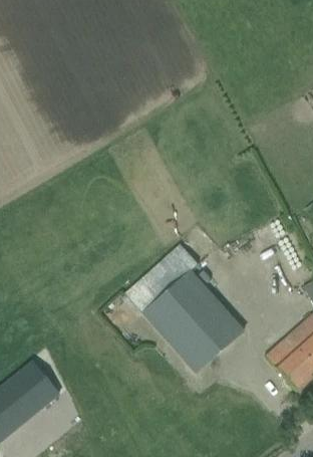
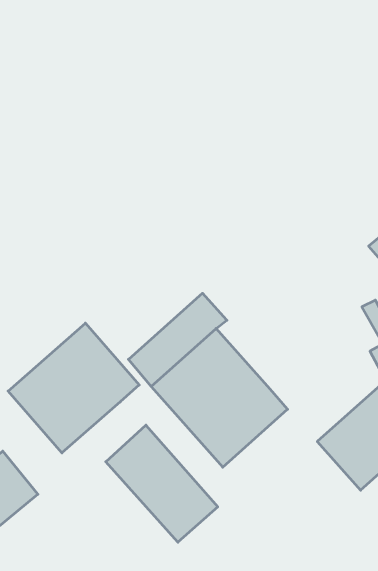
building: none -> [8,323,139,453]
building: none -> [106,425,218,542]

